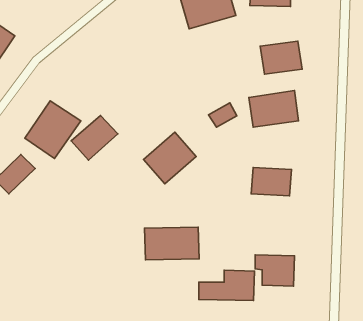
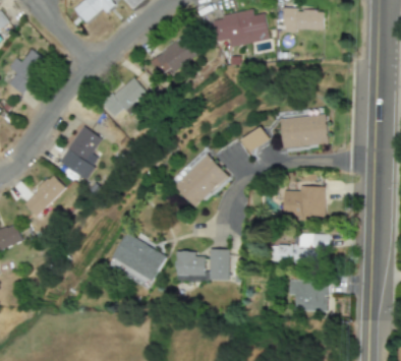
building: none -> [153,39,197,79]
building: [260,41,302,74] -> none
building: [71,116,118,160] -> [104,79,151,124]
building: none -> [106,234,165,289]
building: [199,270,254,300] -> [270,231,326,261]

